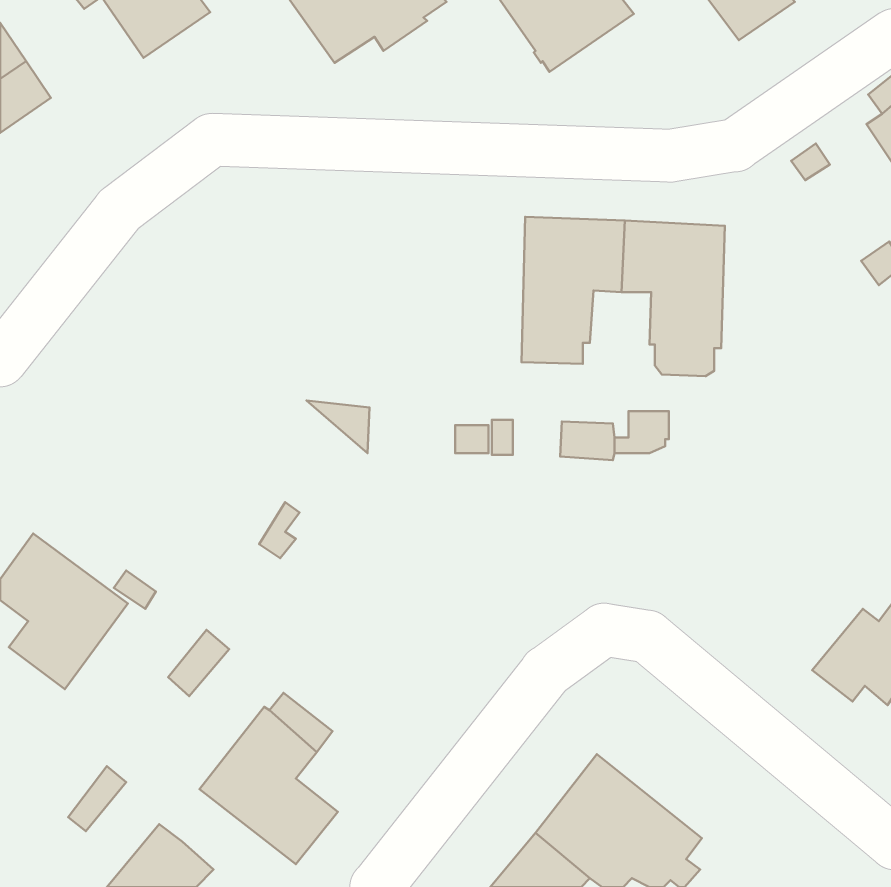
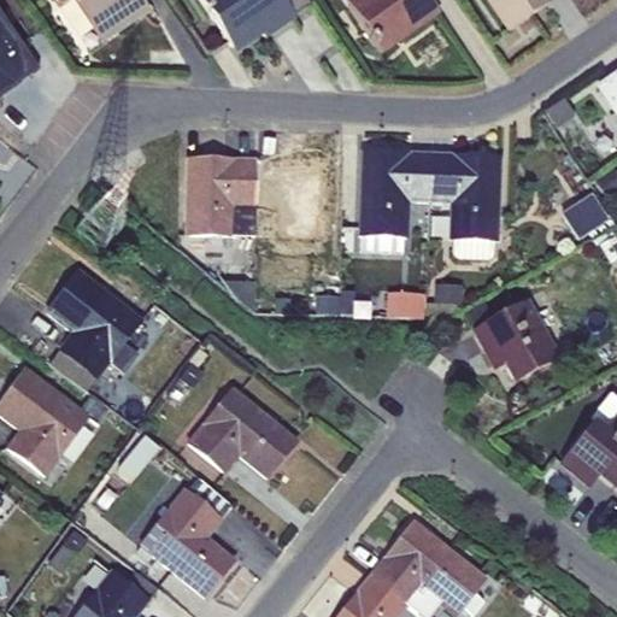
building: none -> [187,157,257,235]
building: none -> [562,192,610,239]
building: none -> [48,270,142,390]
building: none -> [475,299,560,380]
building: none -> [189,387,298,476]

